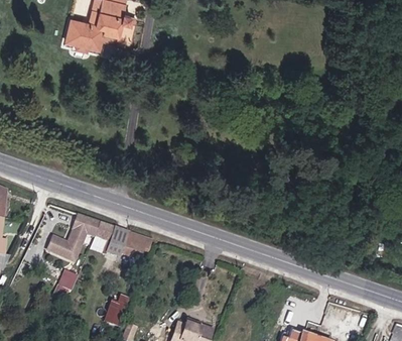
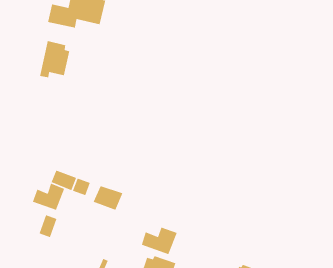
building: none -> [39,40,70,78]
building: none -> [141,226,178,255]
building: [104,294,126,326] -> none

